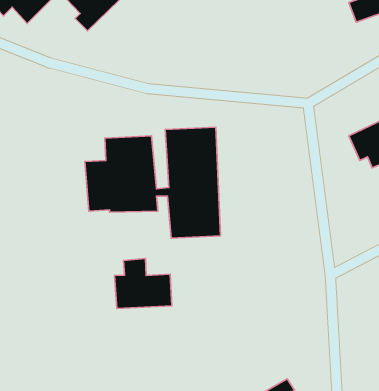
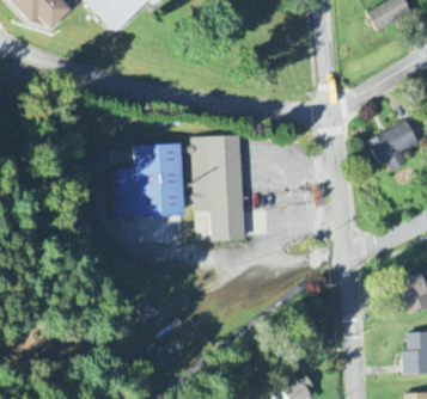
building: [115,259,172,308] -> none

